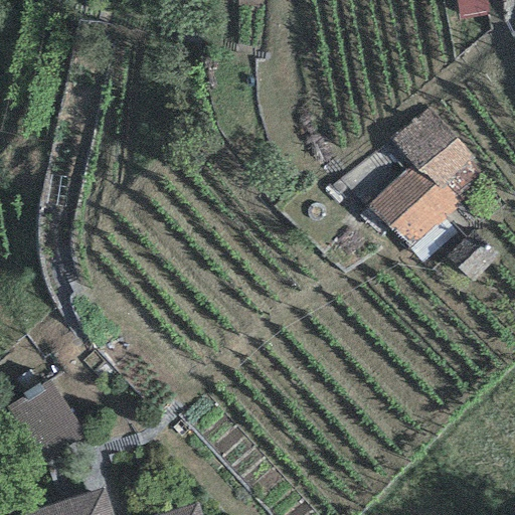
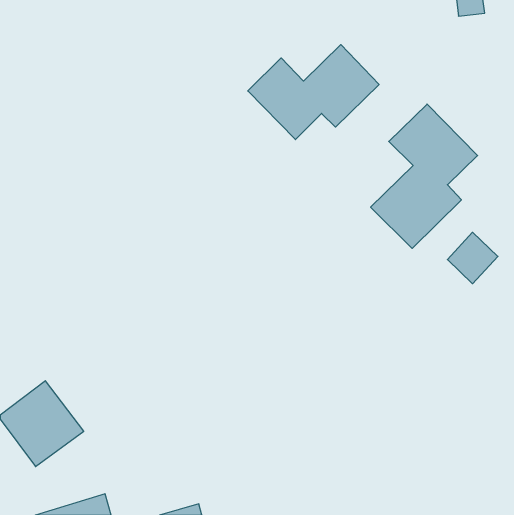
building: none -> [248,45,379,140]

